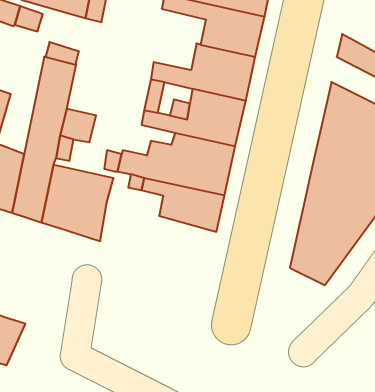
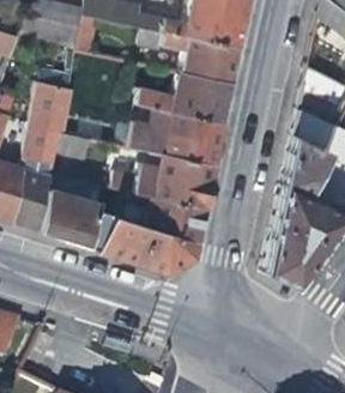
building: none -> [93,214,198,273]

